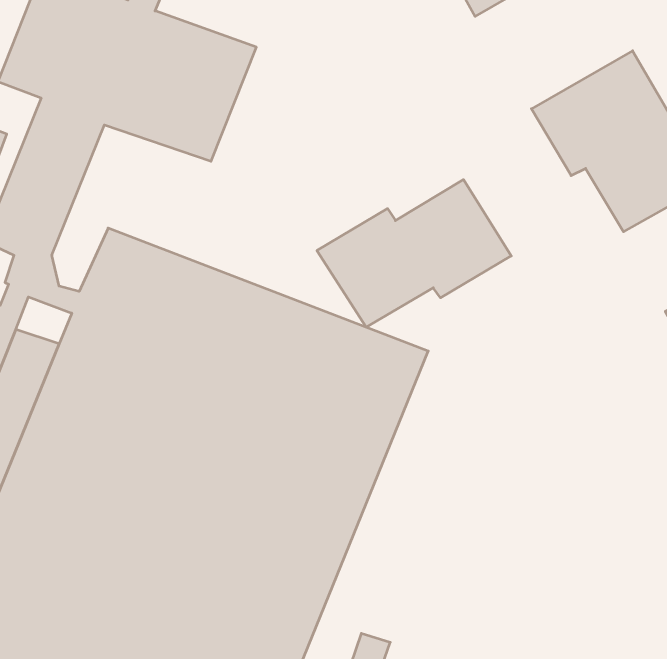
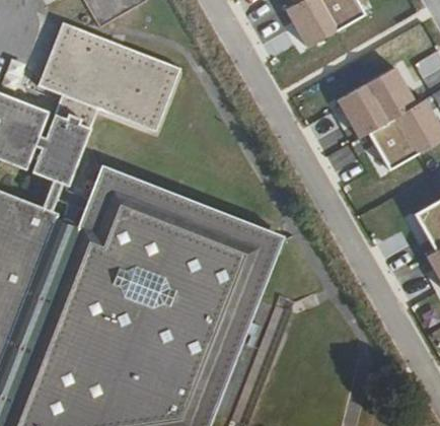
building: [317,180,511,327] -> none

